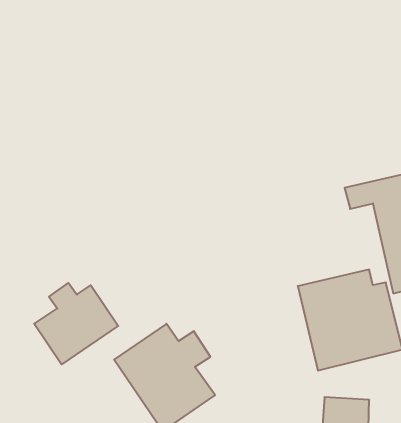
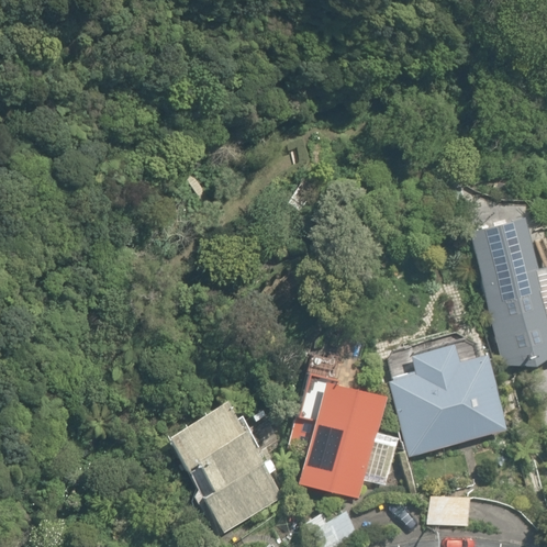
building: [34,283,118,364] -> none
building: none -> [288,379,400,501]

